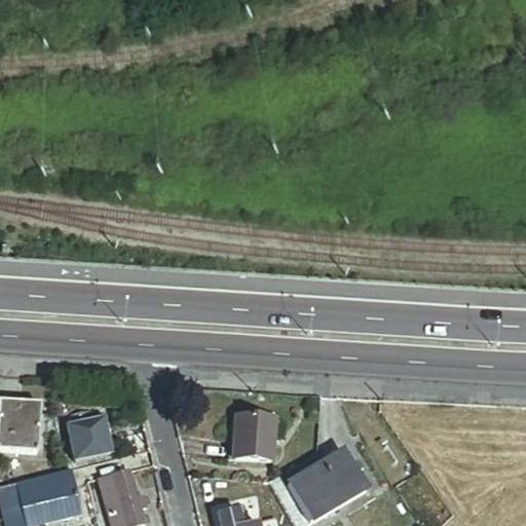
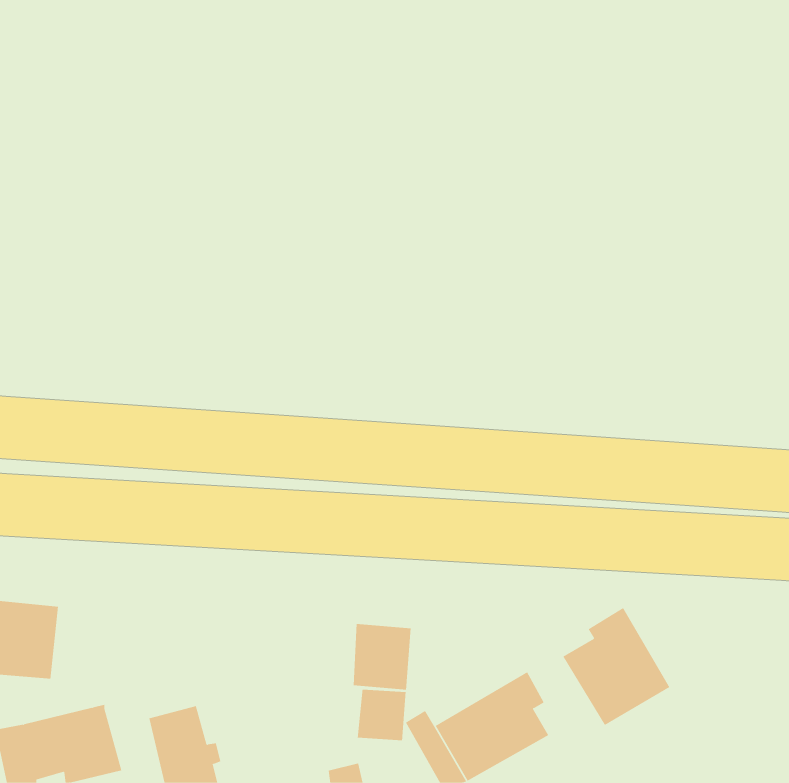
building: none -> [562,607,670,726]
building: [68,417,109,459] -> none
building: none -> [357,689,406,741]

